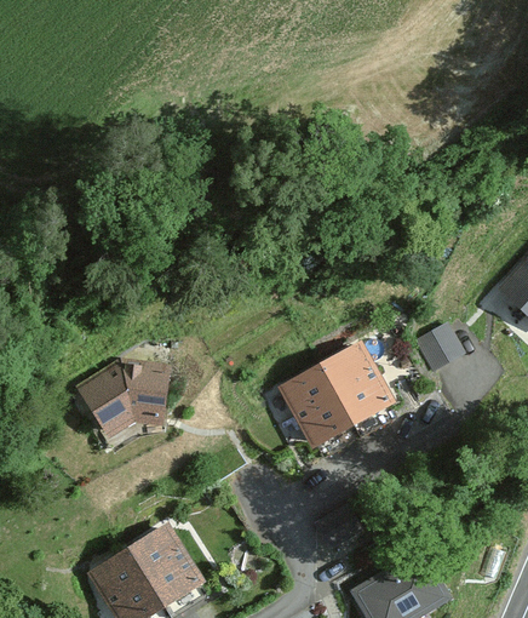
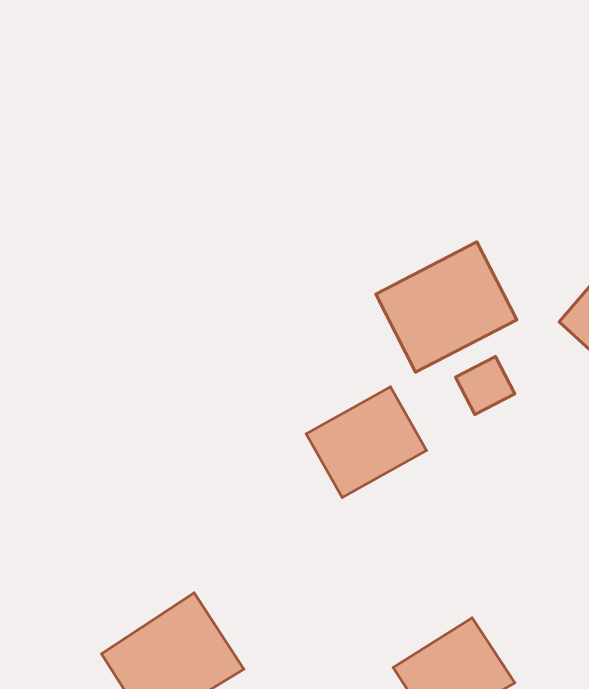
building: none -> [376,242,517,372]
building: [74,364,160,435] -> none

